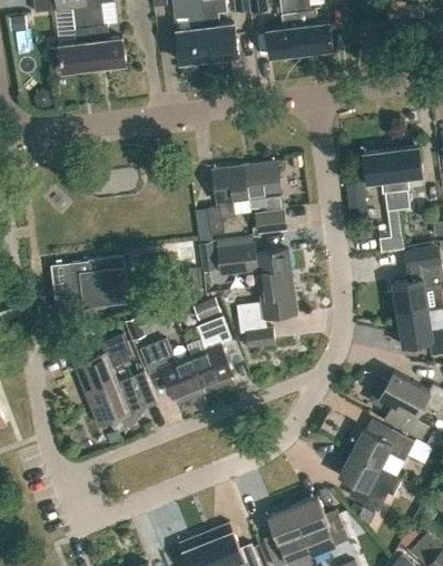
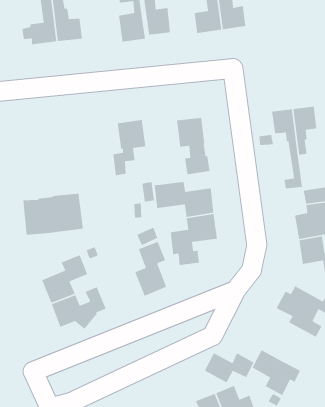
building: [206,165,248,236] -> [112,119,146,176]
building: [139,338,204,399] -> none
building: [351,429,414,468] -> [204,352,254,383]

